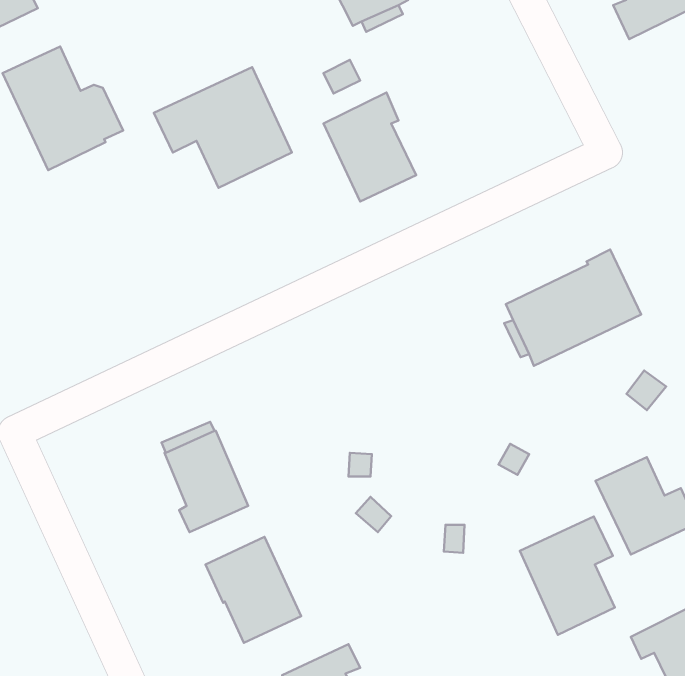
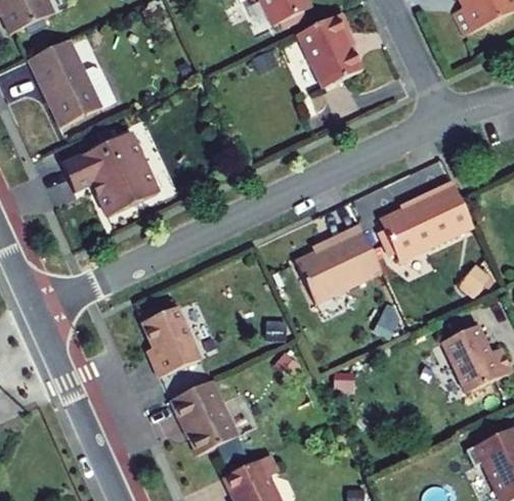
building: [154,67,292,188] -> [61,132,158,216]
building: [323,93,416,202] -> [297,11,361,87]
building: none -> [295,224,381,302]
building: [520,516,615,635] -> none

